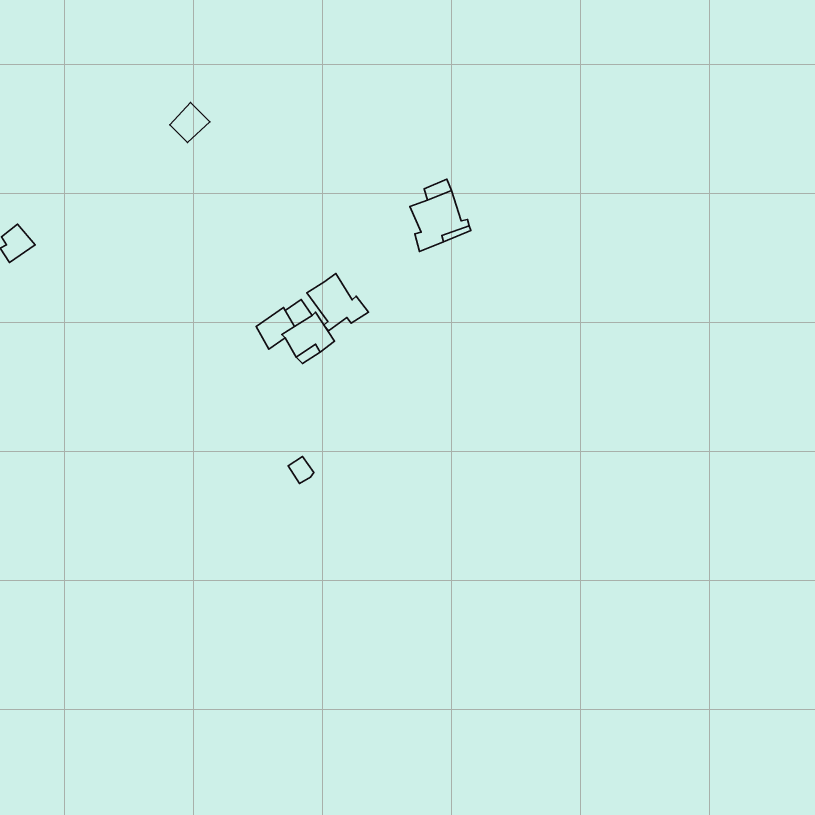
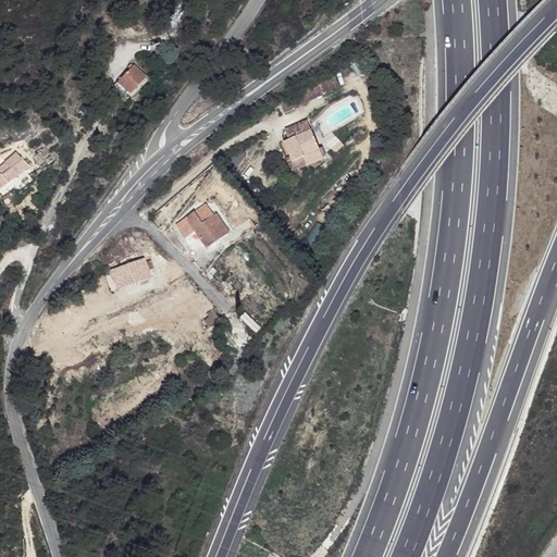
building: [307,274,368,331] -> none
building: none -> [111,255,151,287]

